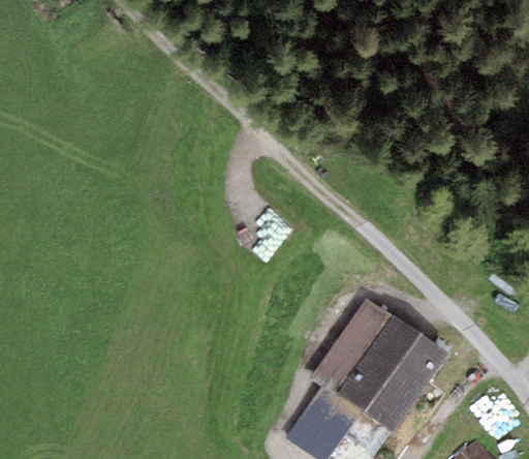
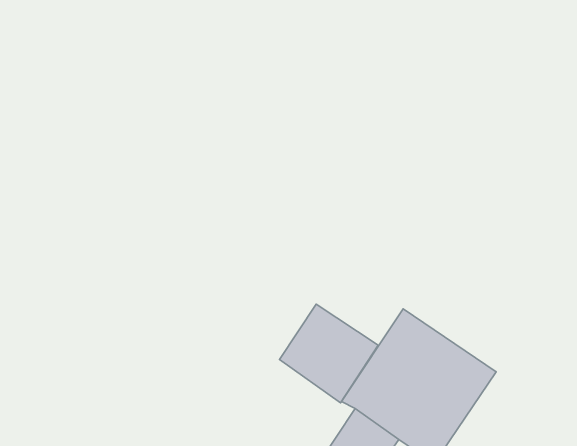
building: none -> [280,304,378,403]

